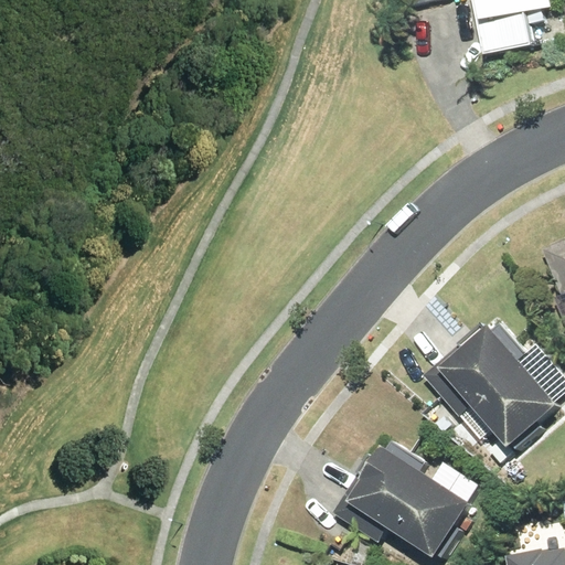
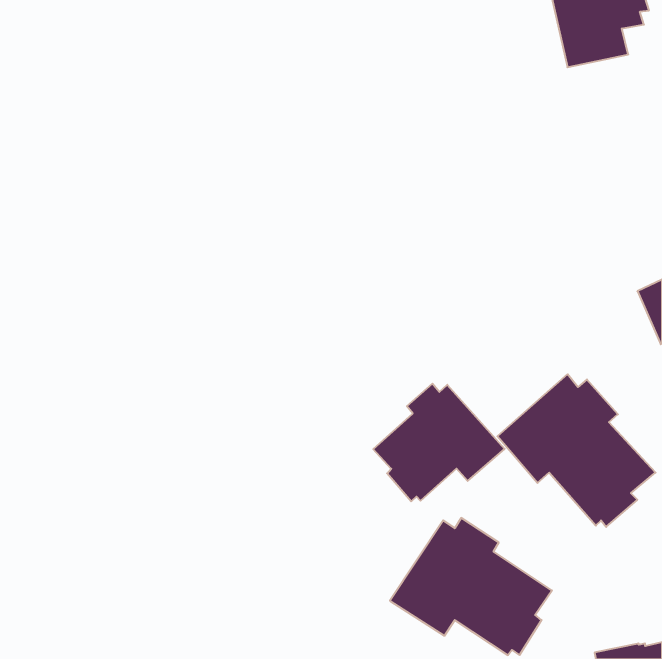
building: none -> [373,384,505,501]

